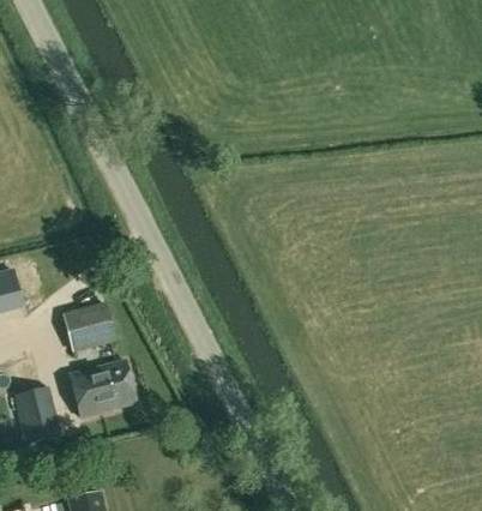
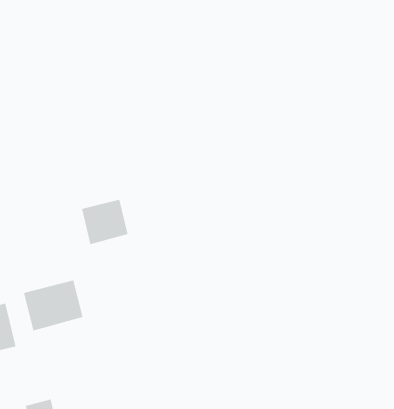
building: [62,301,115,353] -> [81,199,129,245]

